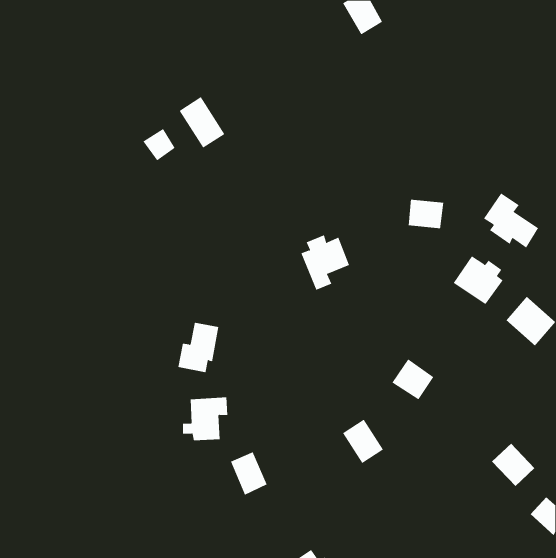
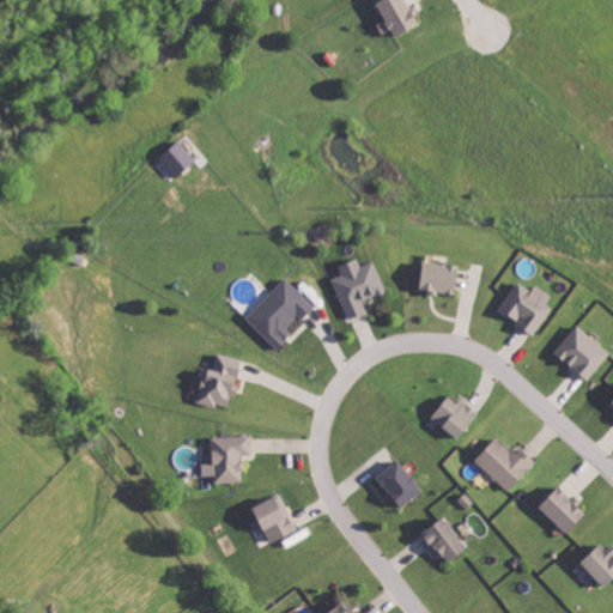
building: [179,96,225,149] -> none
building: [483,192,539,248] -> none
building: [408,199,444,229] -> [418,262,457,295]
building: none -> [243,279,312,348]
building: none -> [472,438,533,492]
building: none -> [420,518,465,565]

